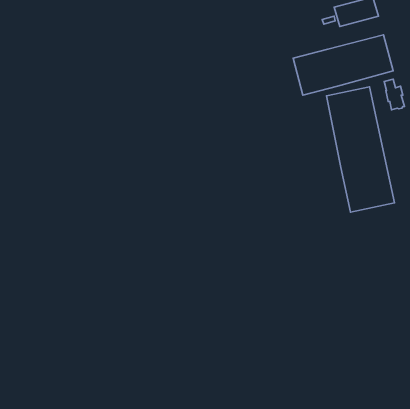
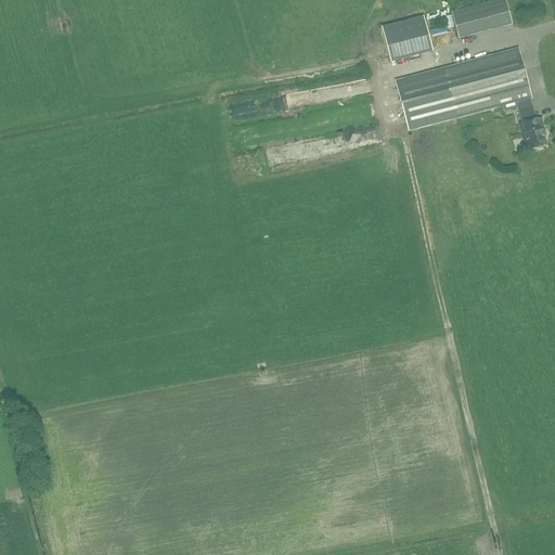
building: none -> [383,11,431,49]
building: [327,87,394,212] -> none

